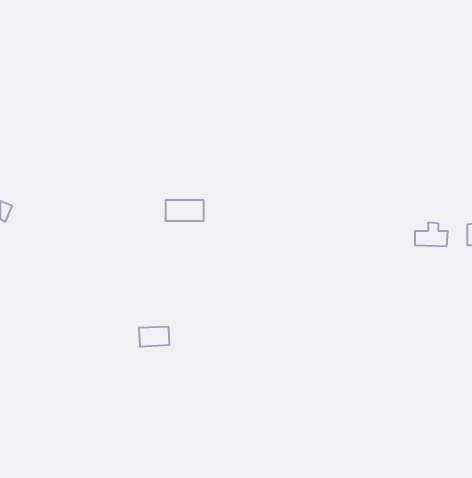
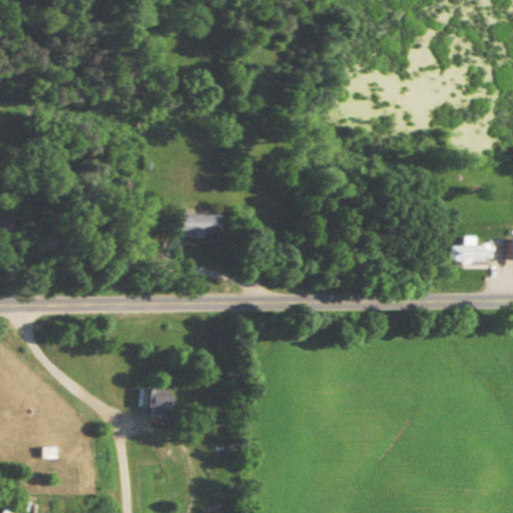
building: [139,327,170,347] -> [143,391,176,412]

